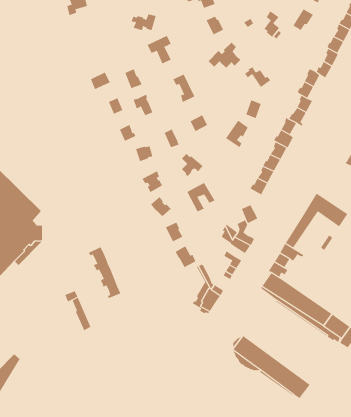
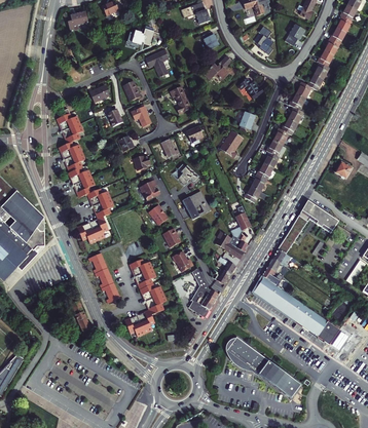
building: none -> [59,108,114,242]
building: none -> [124,259,167,336]

